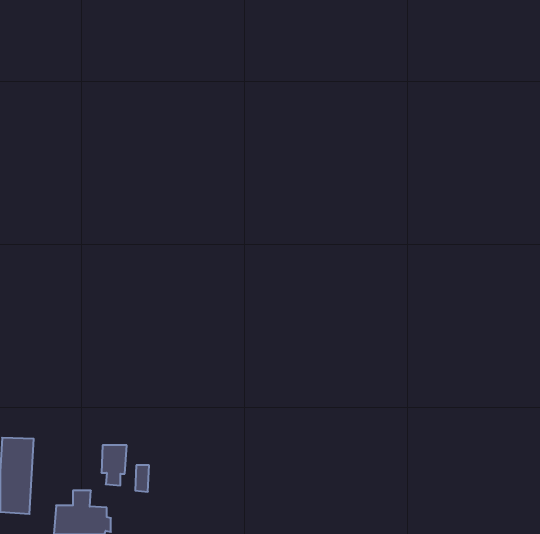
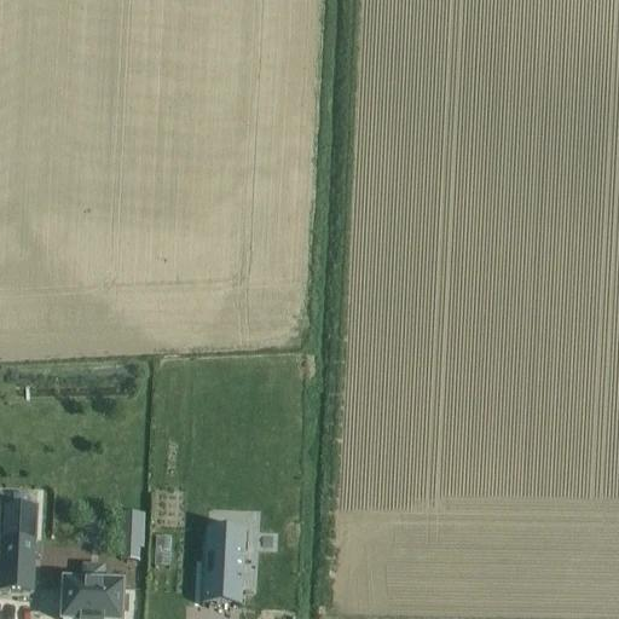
building: none -> [202,525,244,602]

